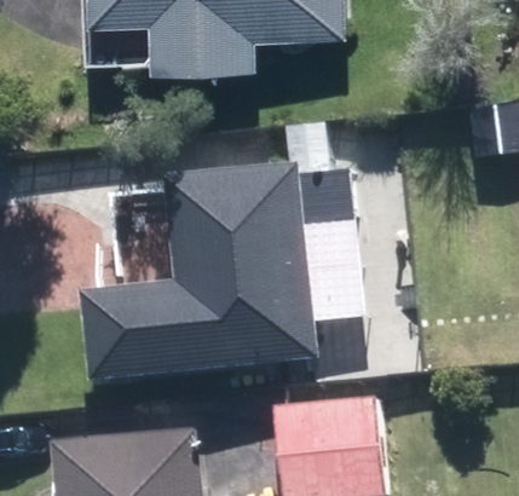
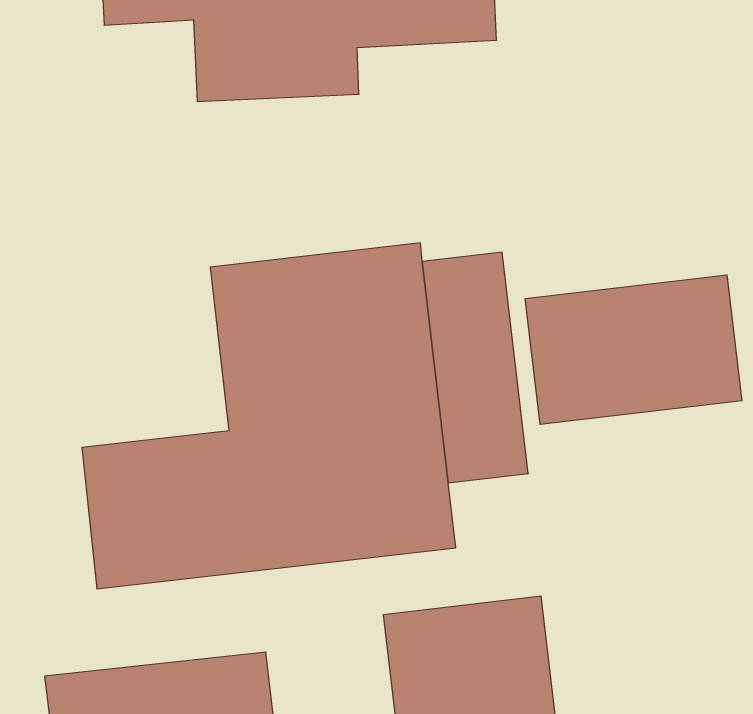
building: none -> [525,275,742,424]

